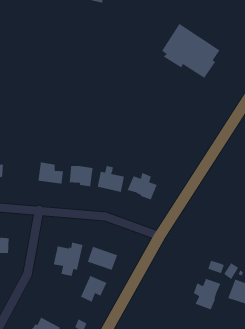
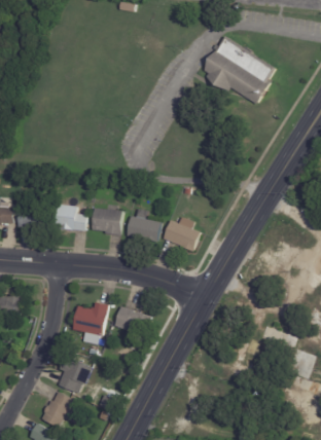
building: none -> [19,209,48,227]
building: [80,275,107,303] -> [58,358,92,392]
building: [193,278,222,311] -> none

